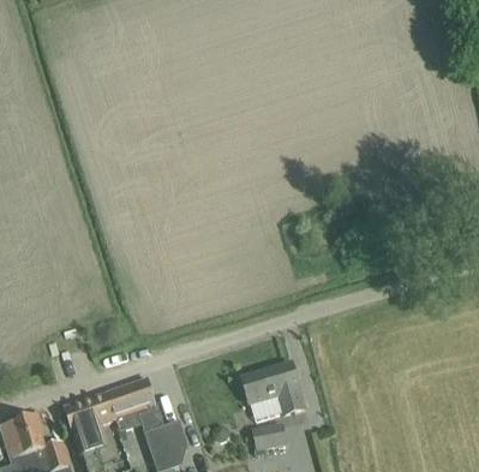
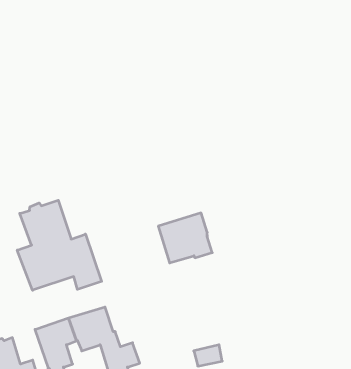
building: none -> [17,200,102,290]
building: [241,360,305,419] -> [158,213,212,263]

